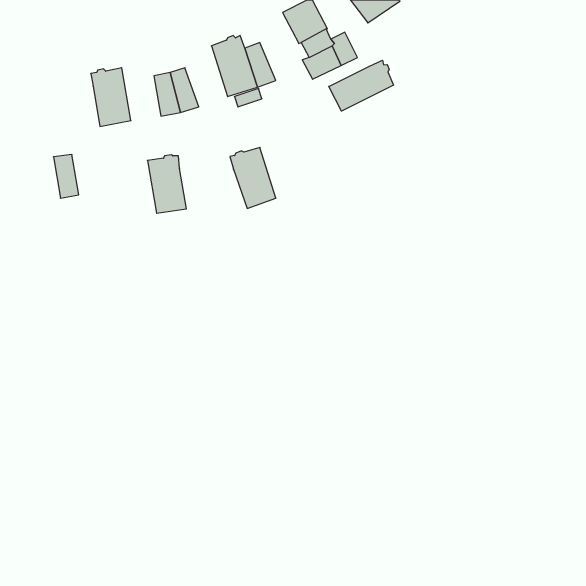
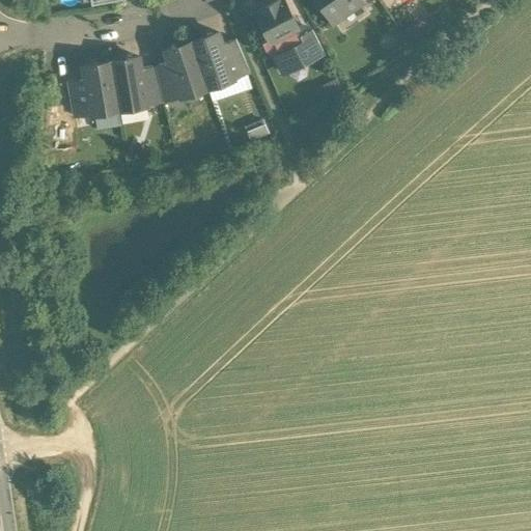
building: [329,60,393,111] -> none
building: [230,147,276,208] -> [165,43,206,97]
building: [53,155,79,198] -> [68,79,91,118]
building: [147,155,186,213] -> [111,57,146,110]

